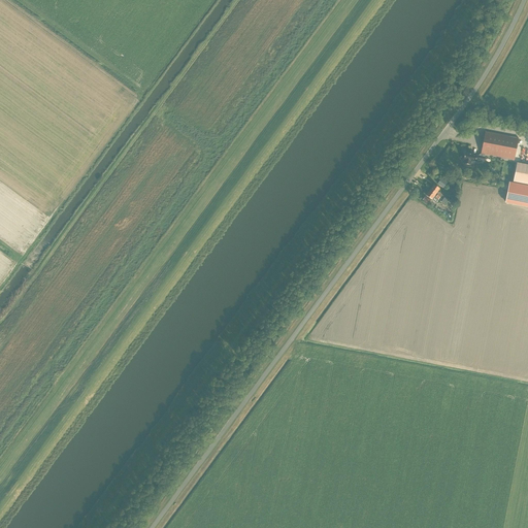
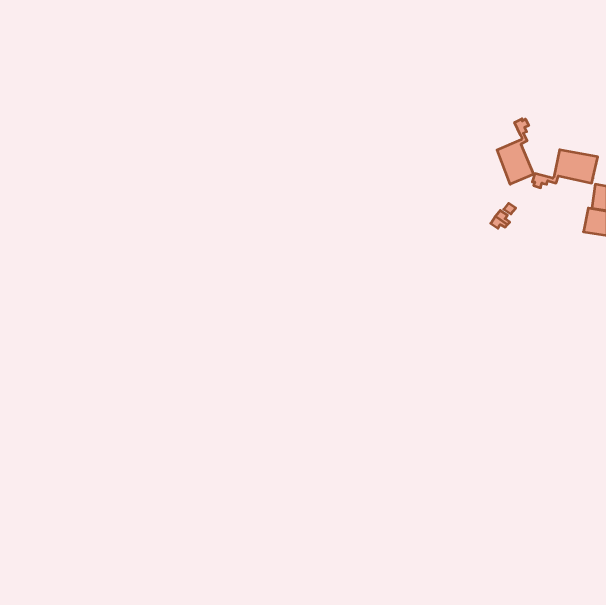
building: none -> [497,119,533,184]

